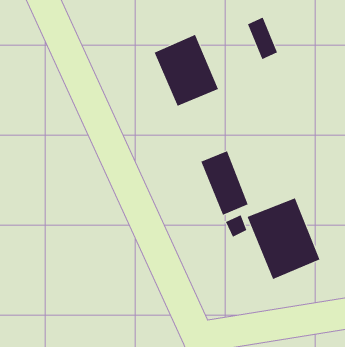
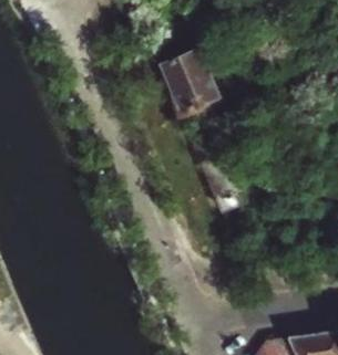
building: [247,197,320,280] -> none

